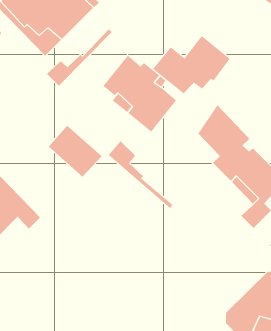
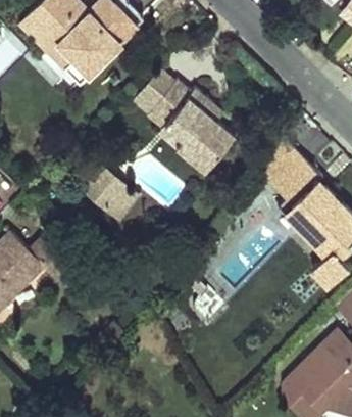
building: [46,28,113,87] -> none
building: [152,35,231,94] -> none
building: [108,141,173,209] -> none

